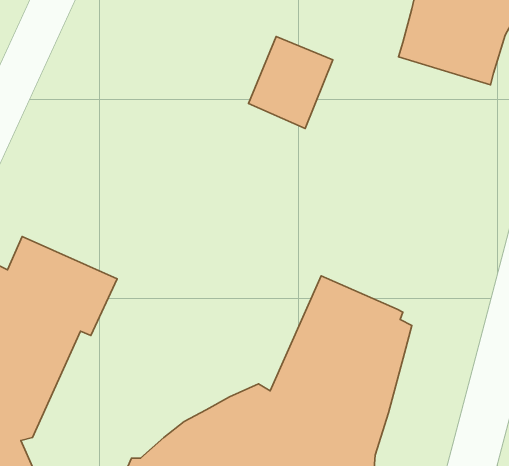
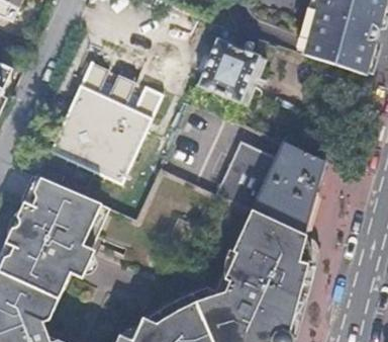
building: none -> [53,60,165,183]
building: none -> [219,138,327,229]

